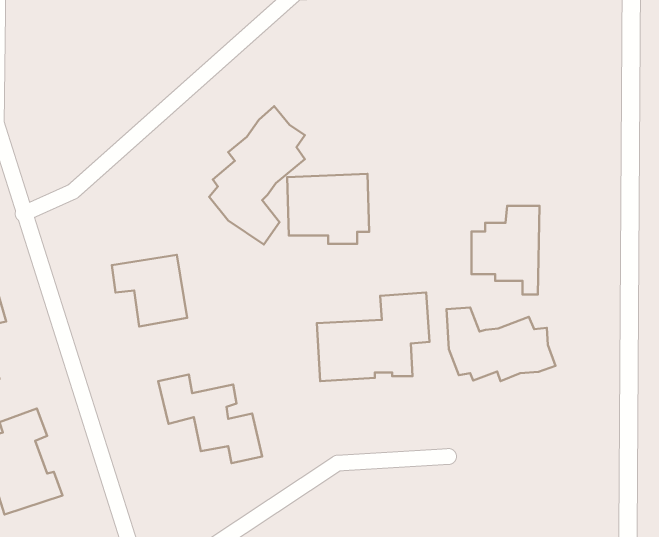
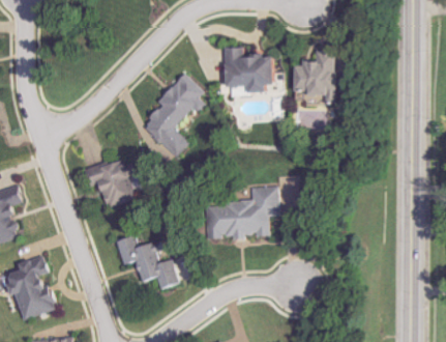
building: [287,174,369,244] -> [225,50,274,92]
building: [471,206,540,295] -> [293,50,334,104]
building: [447,308,555,381] -> none

